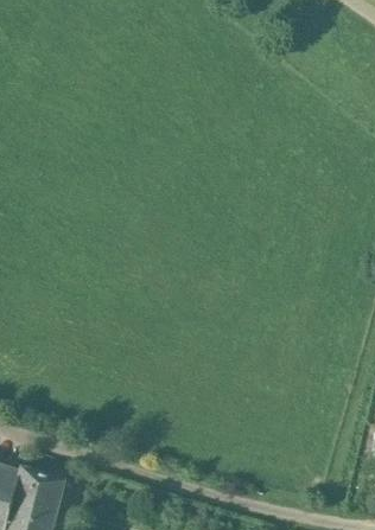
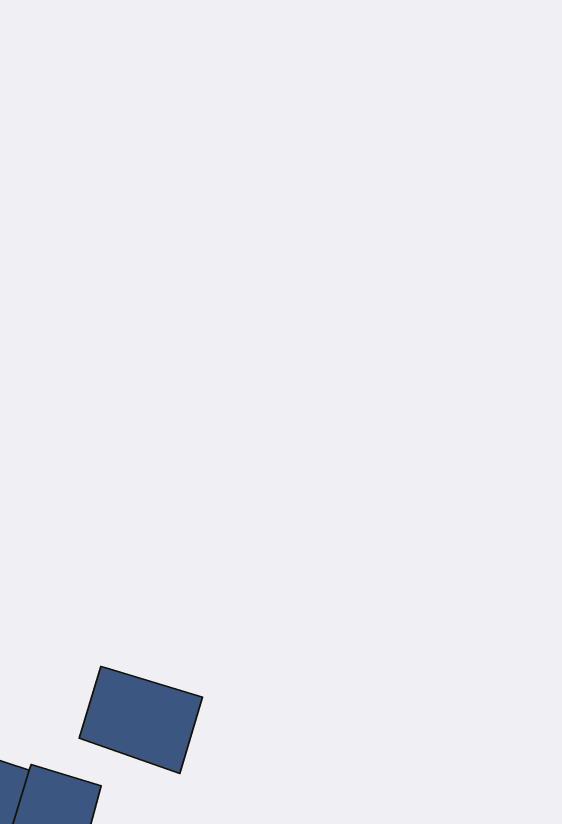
building: none -> [79,666,202,773]

